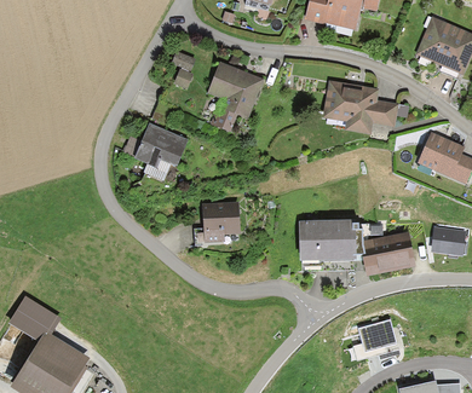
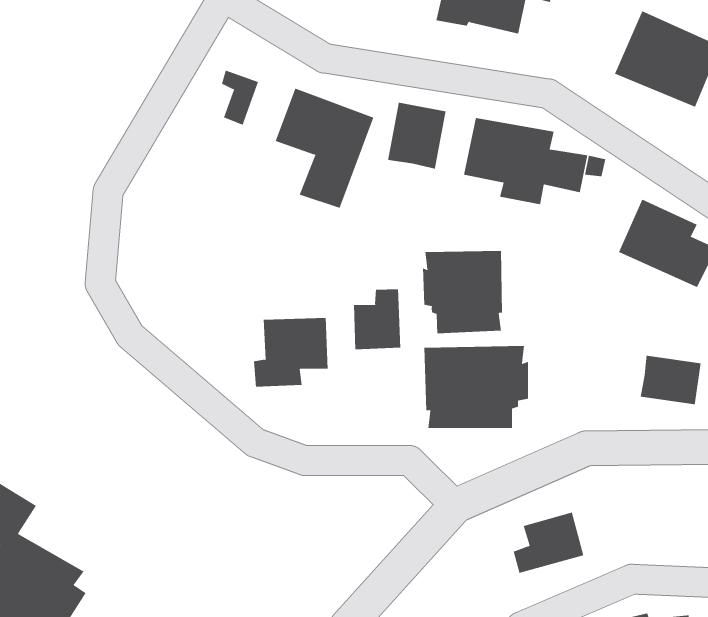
building: none -> [387,102,446,169]
building: [121,123,190,175] -> none
building: none -> [422,250,502,334]
building: none -> [353,288,401,350]
building: [364,231,415,274] -> none

